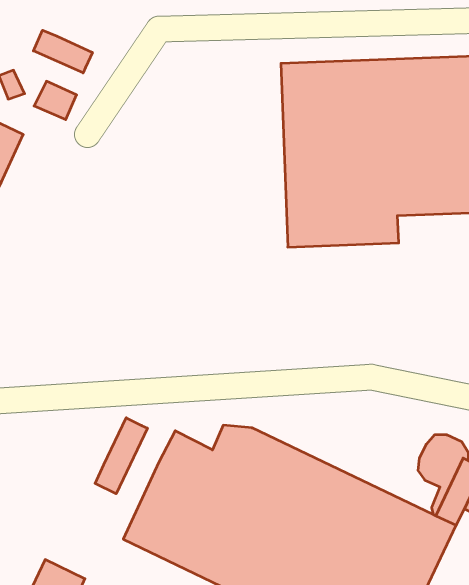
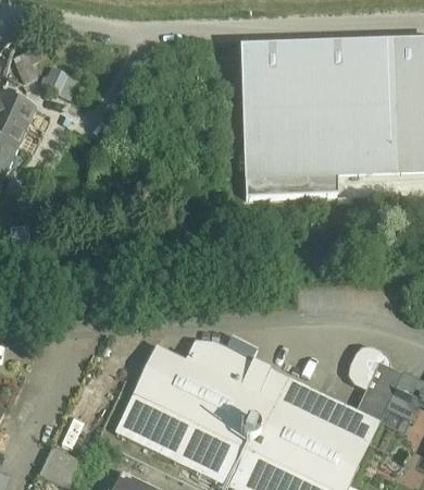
building: [33,30,92,73] -> none
building: [95,418,147,494] -> none

